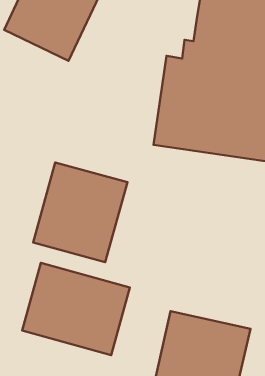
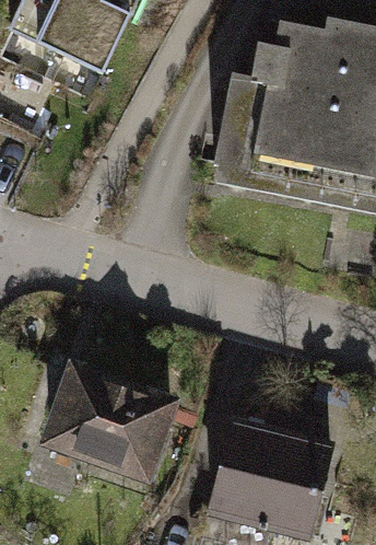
building: [33,162,127,262] -> none

